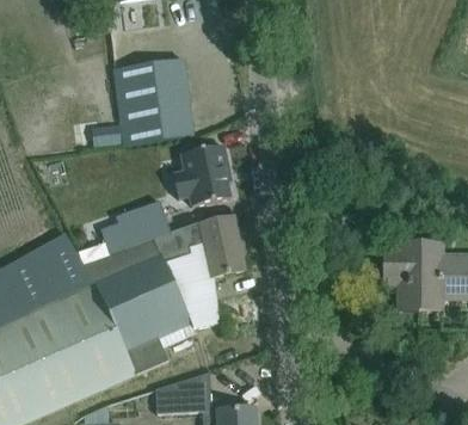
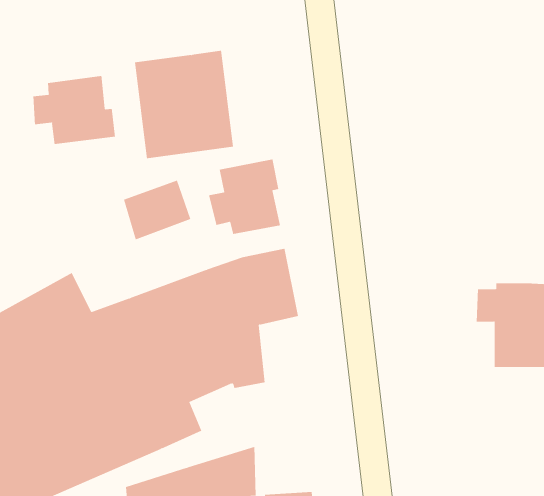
building: none -> [33,75,116,145]
building: [118,199,172,247] -> [123,180,191,240]

